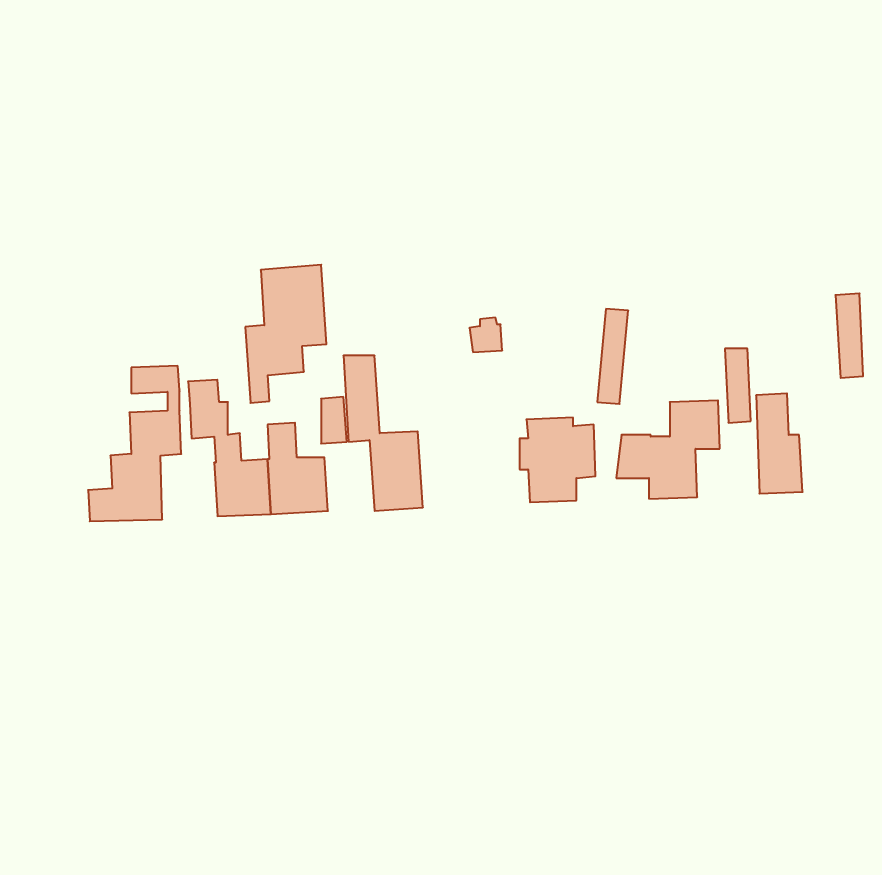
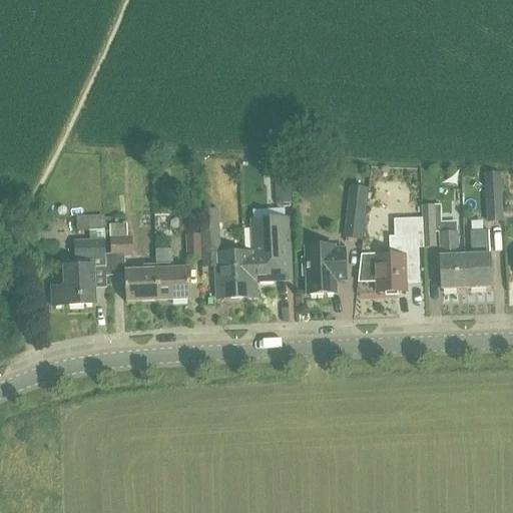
building: [245,265,326,403] -> [242,214,290,295]
building: none -> [464,227,491,286]

